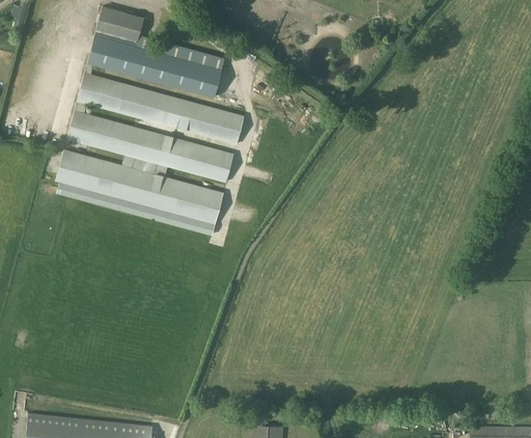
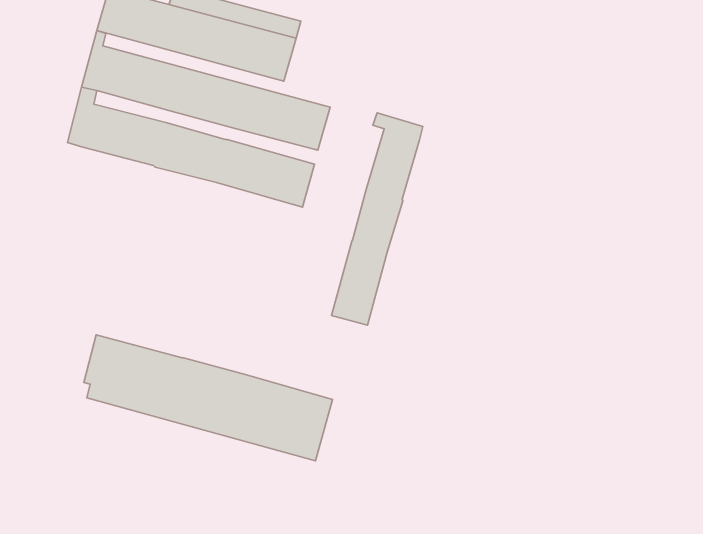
building: none -> [332,113,423,325]
building: [56,149,224,235] -> [84,335,332,461]

